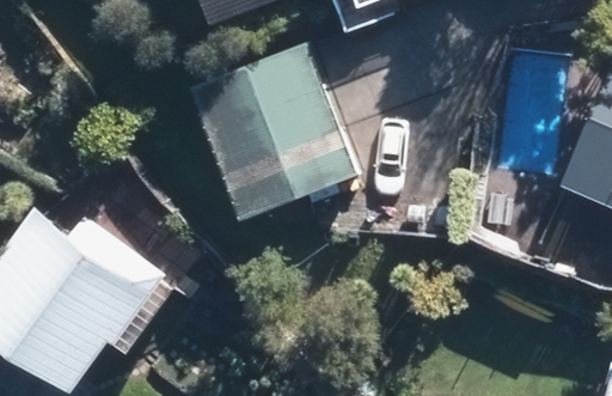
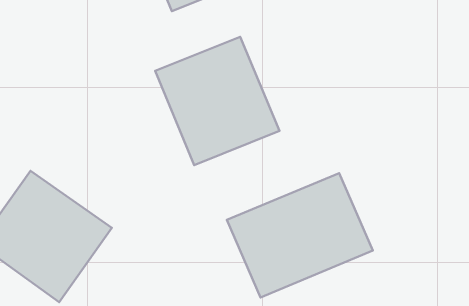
building: none -> [227,173,373,297]

